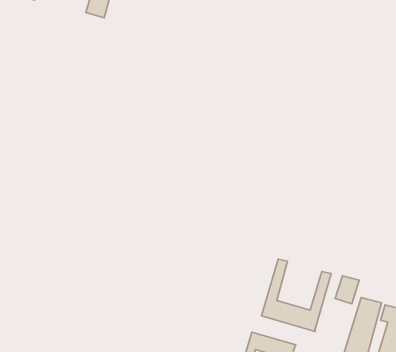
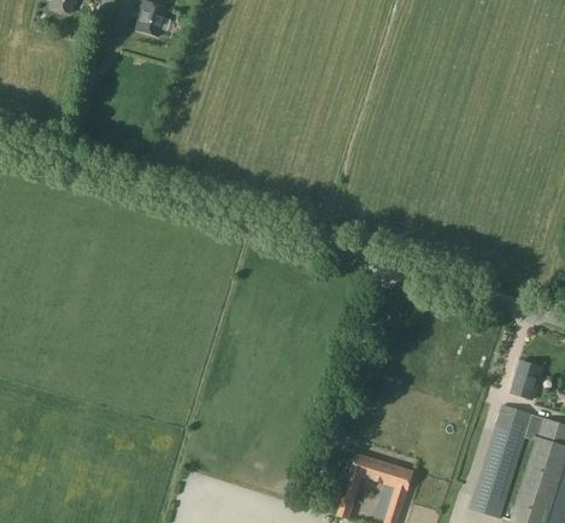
building: [261,259,331,332] -> none
building: [335,276,359,304] -> [512,362,543,399]

